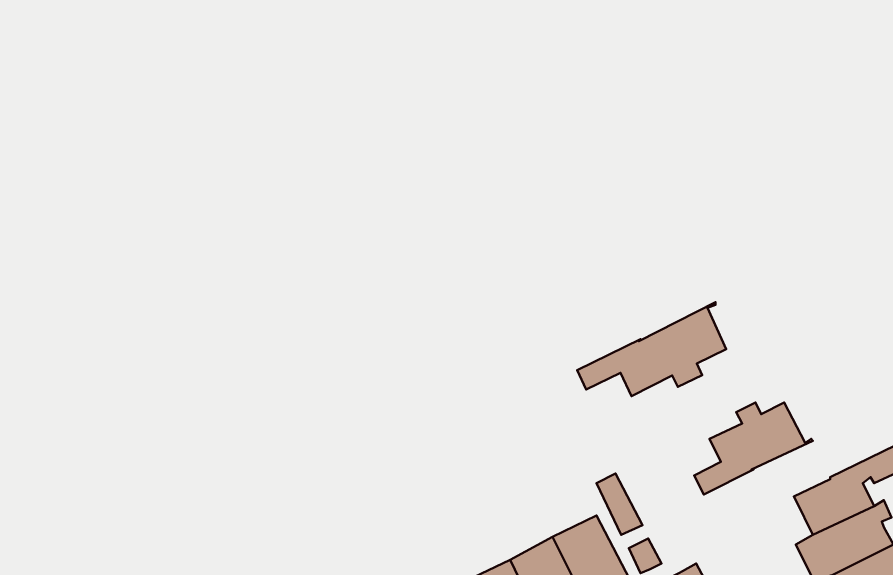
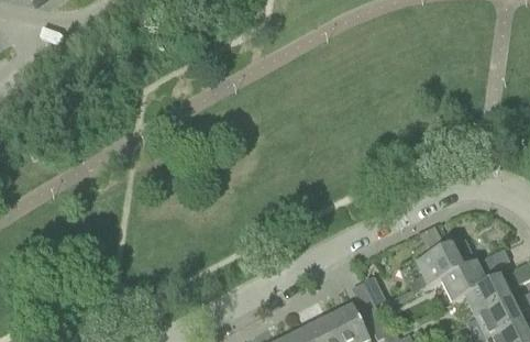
building: [577,302,726,396] -> none
building: none -> [440,257,485,300]

